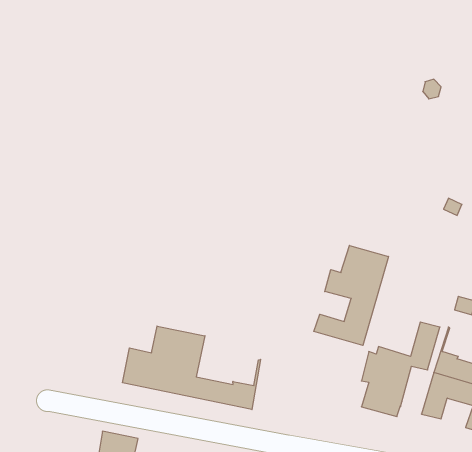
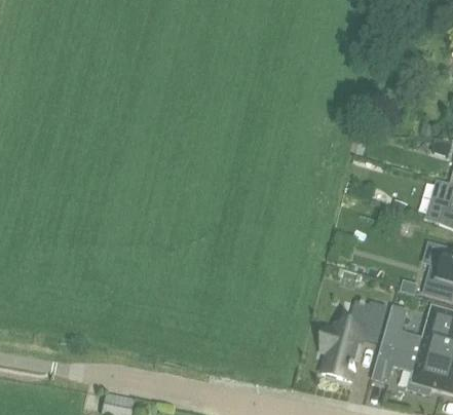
building: [314,245,388,345] -> none
building: [123,326,261,410] -> none

